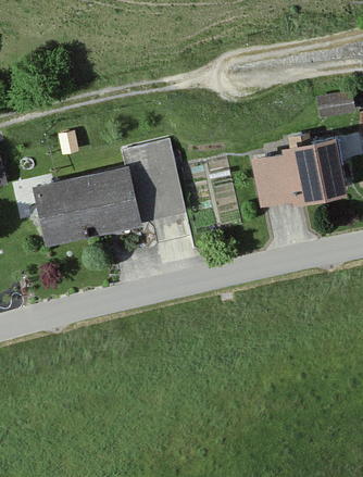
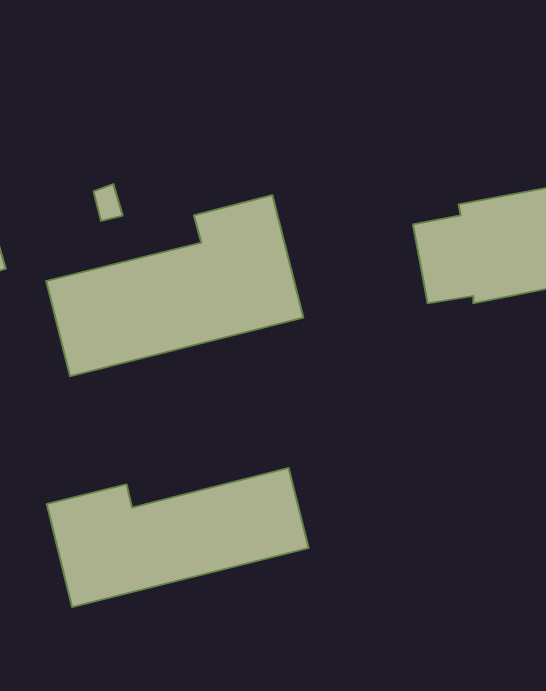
building: none -> [47,468,309,607]

